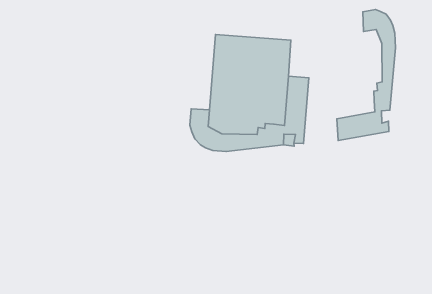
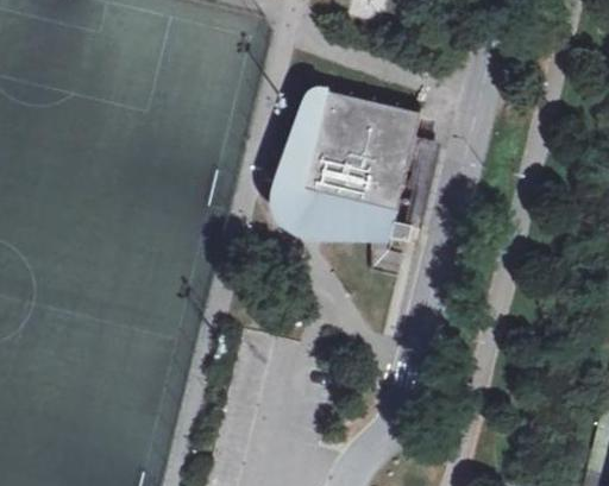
building: [337,10,395,141] -> none

